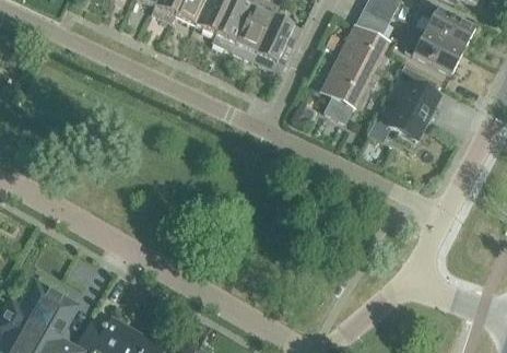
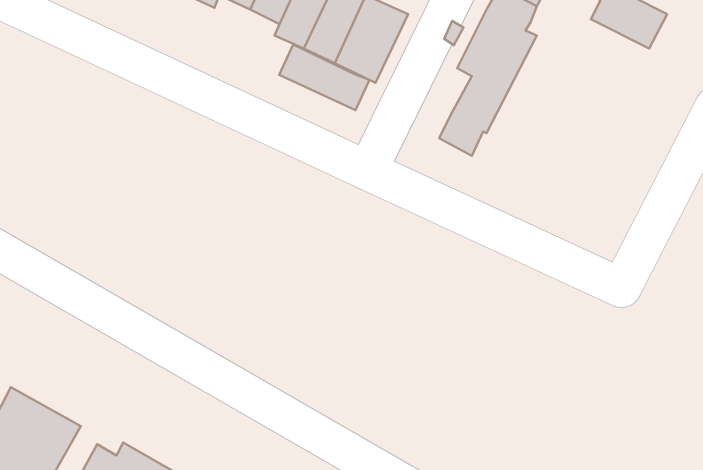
building: [404,32,463,75] -> none
building: none -> [279,45,370,110]
building: [387,66,439,145] -> none

